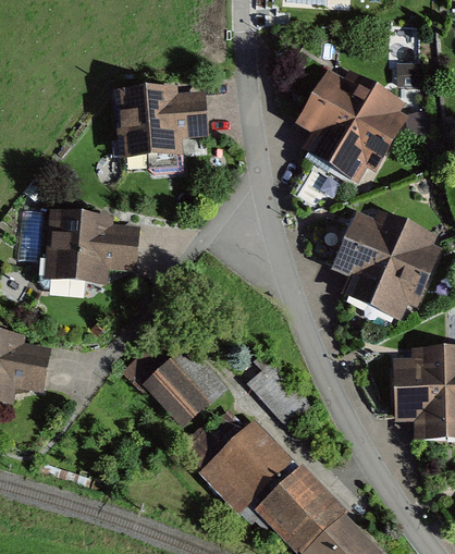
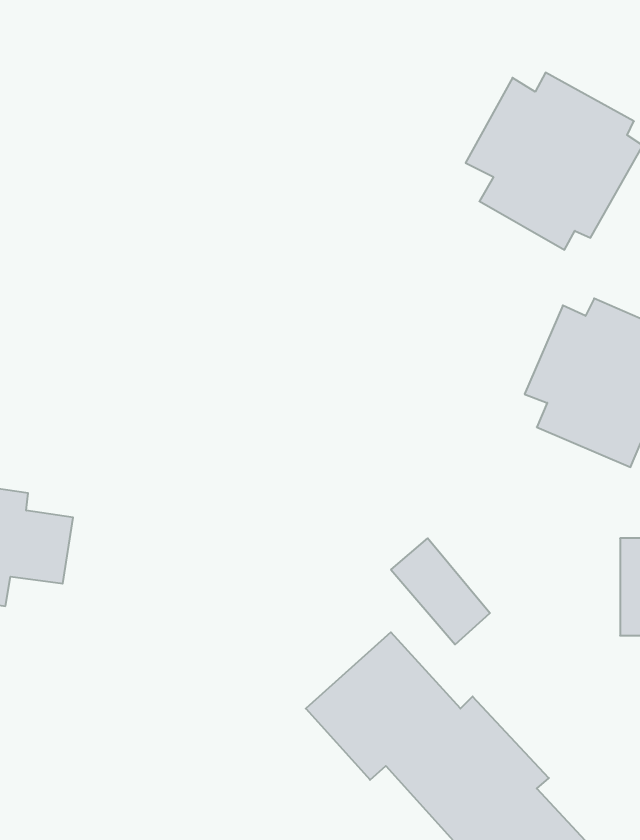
building: [115,87,208,156] -> none
building: [42,210,140,283] -> none
building: [142,347,221,428] -> none

